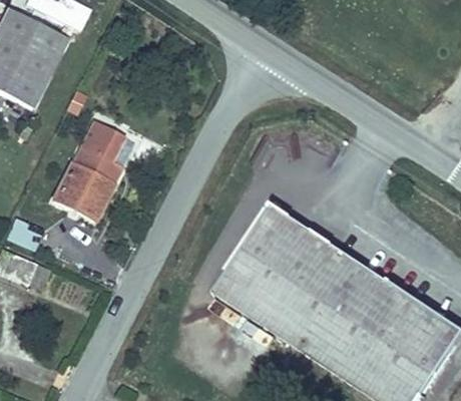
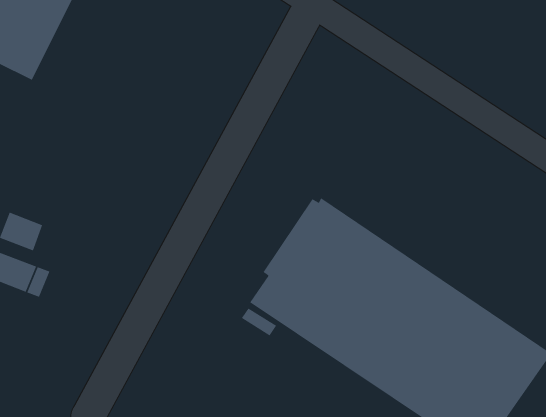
building: [55,118,125,220] -> none

